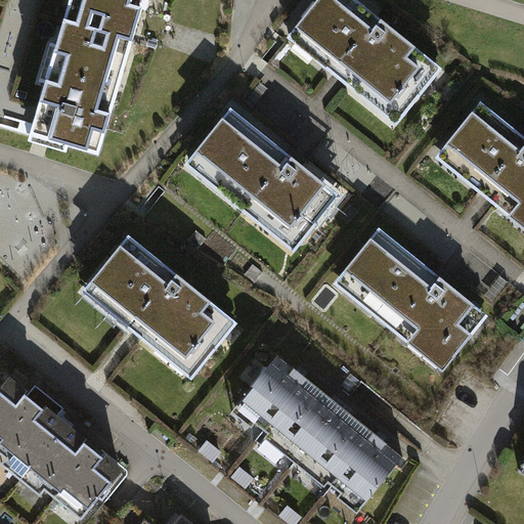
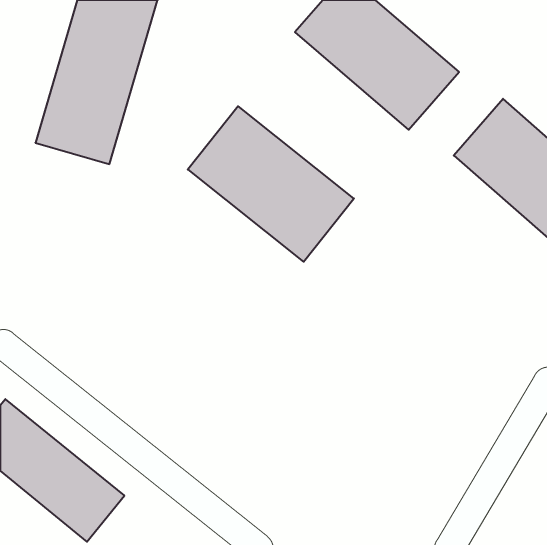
building: [339,227,484,362] -> none
building: [86,233,236,373] -> none
building: [232,355,402,511] -> none

